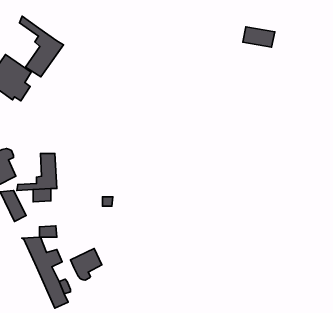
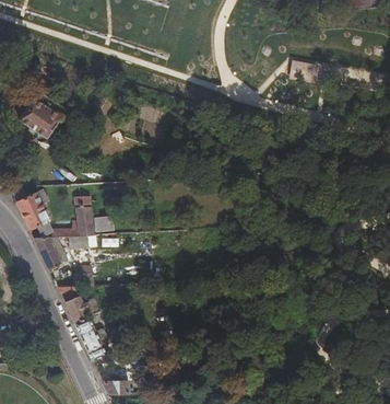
building: [20,16,63,77] -> none
building: [71,249,102,280] -> none

